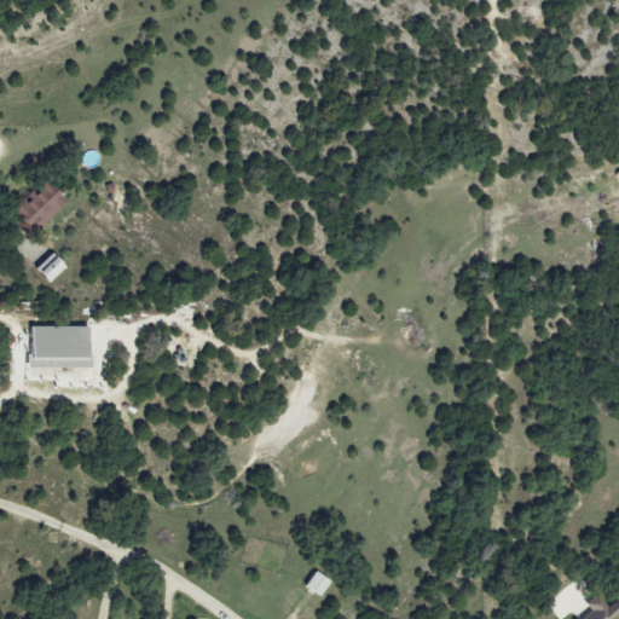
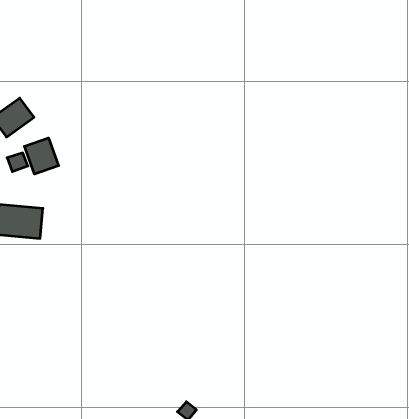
building: none -> [24,138,59,174]

